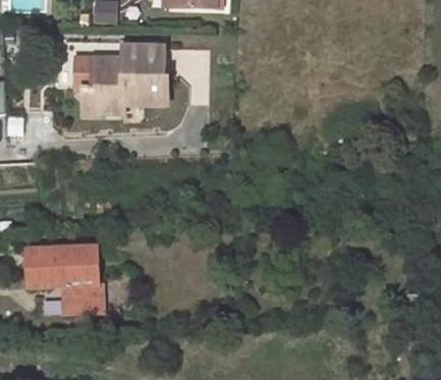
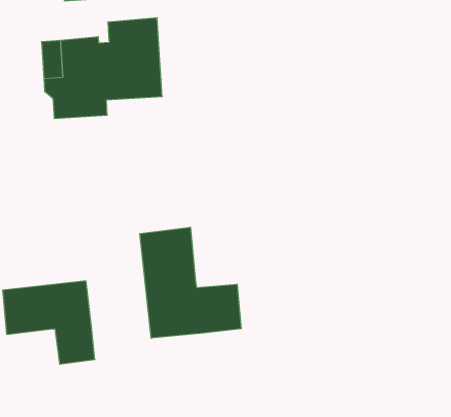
building: none -> [140,227,241,338]

